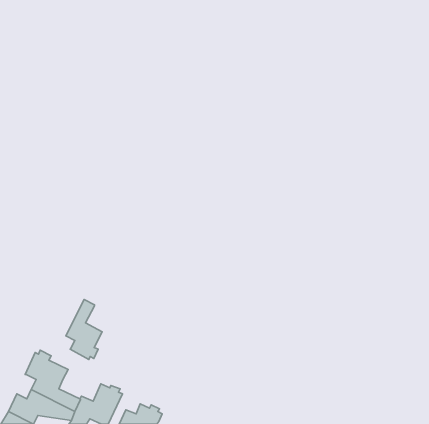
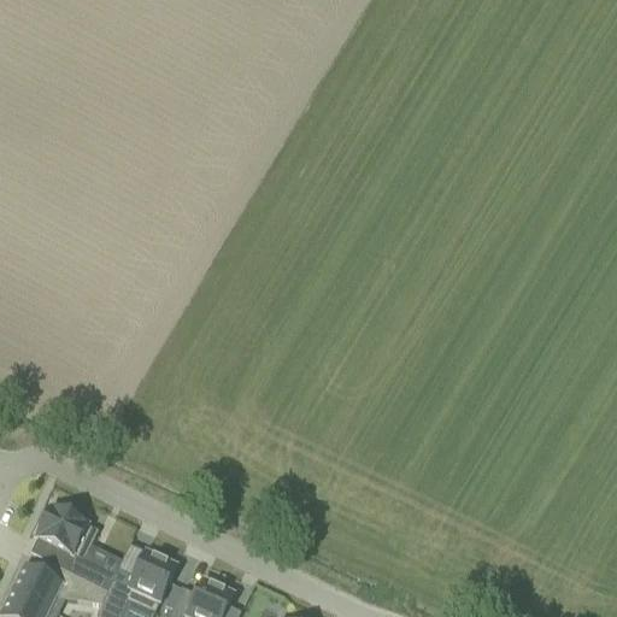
building: [66,300,102,359] -> none

